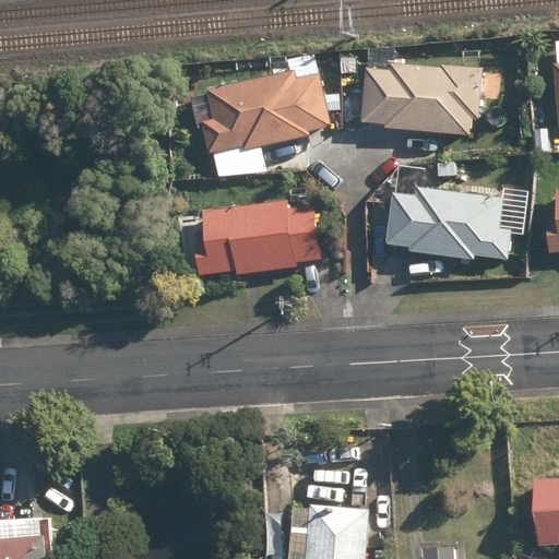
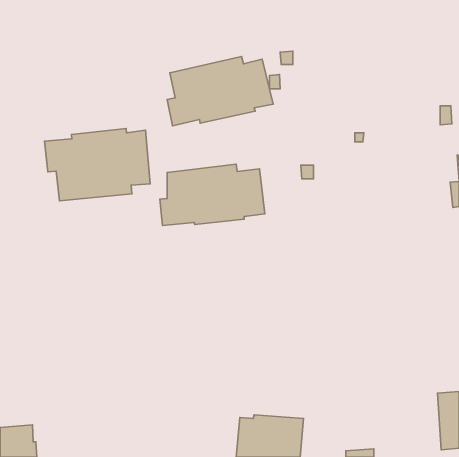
building: [361,64,483,134] -> none
building: none -> [44,128,150,201]
building: [385,186,513,261] -> none

